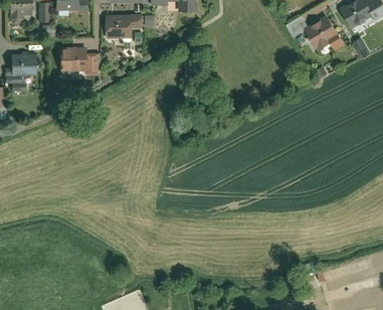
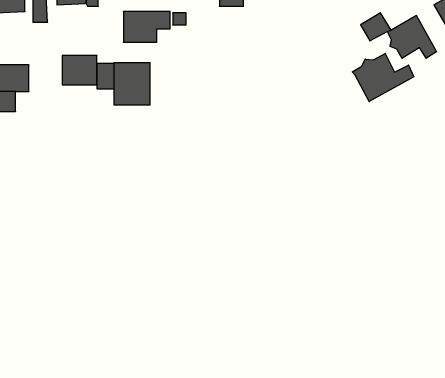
building: none -> [352,53,414,102]
building: none -> [114,63,150,105]

